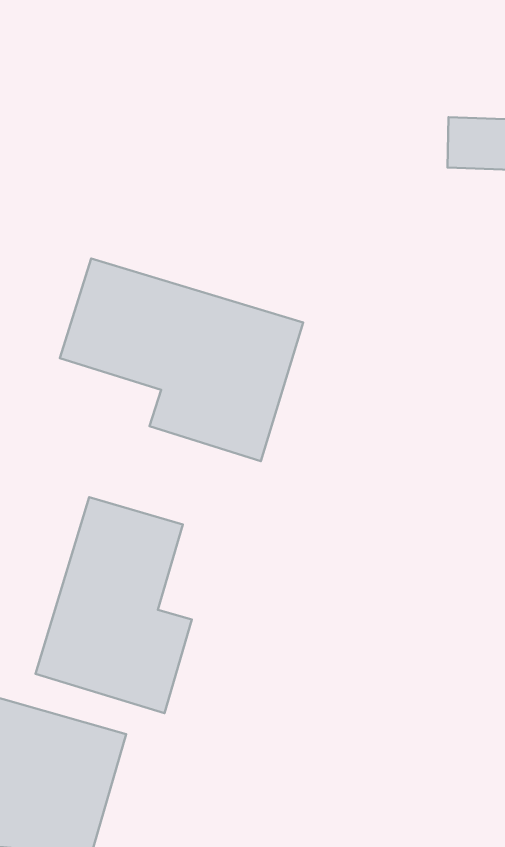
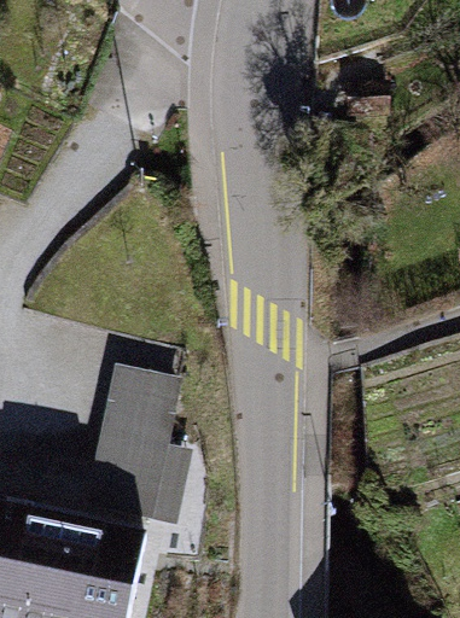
building: [60,258,303,461] -> none

